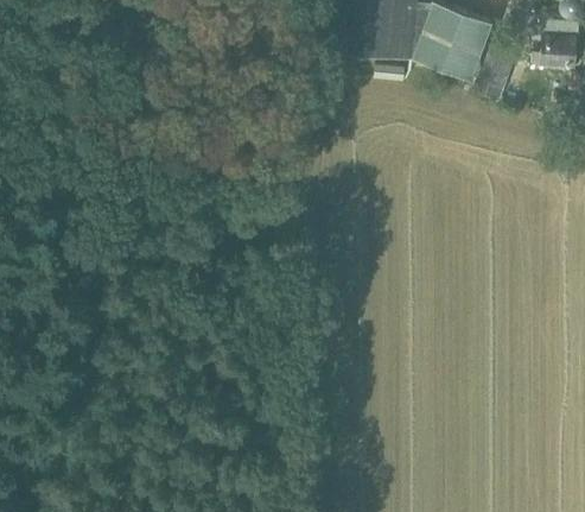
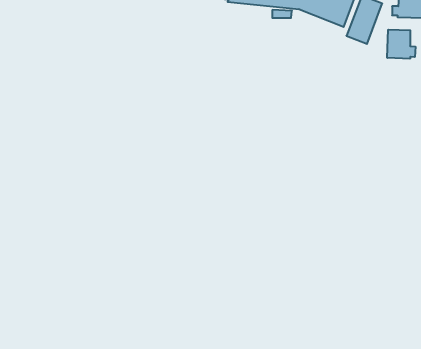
building: none -> [387,30,415,59]

